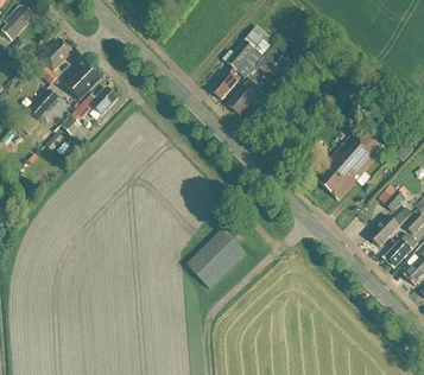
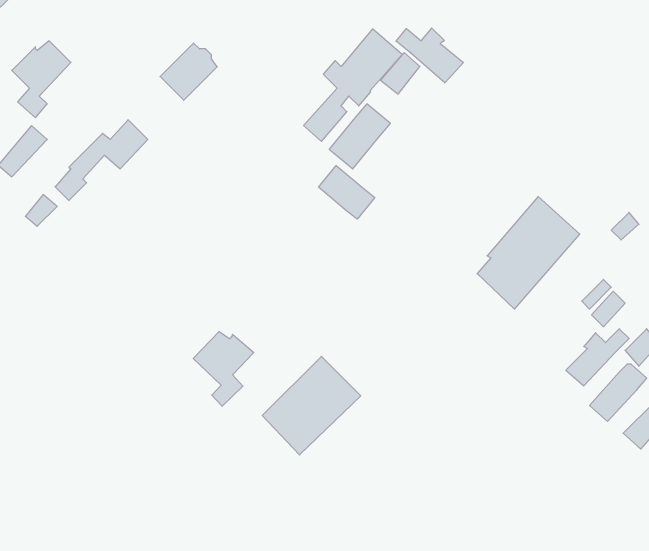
building: none -> [396,28,463,83]
building: [65,64,100,98] -> [160,43,217,100]
building: none -> [319,166,375,219]
building: none -> [193,331,254,406]

